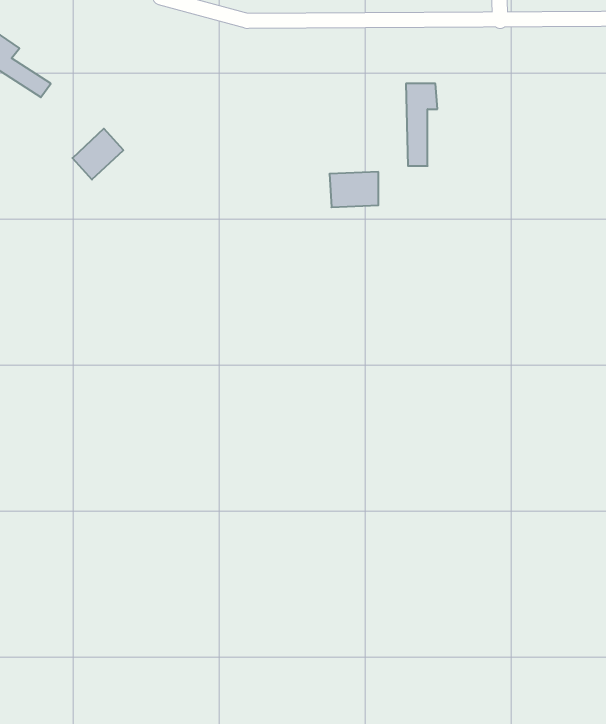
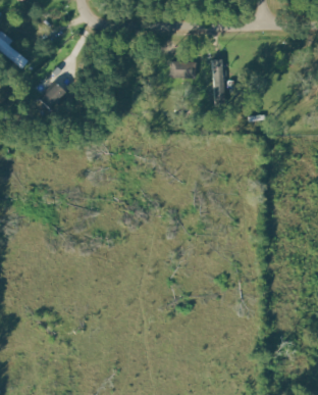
building: [329,172,378,207] -> [170,60,196,79]

